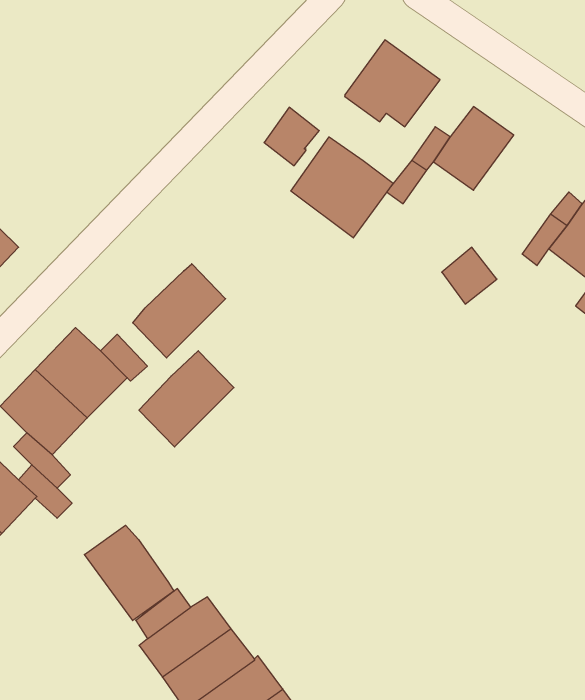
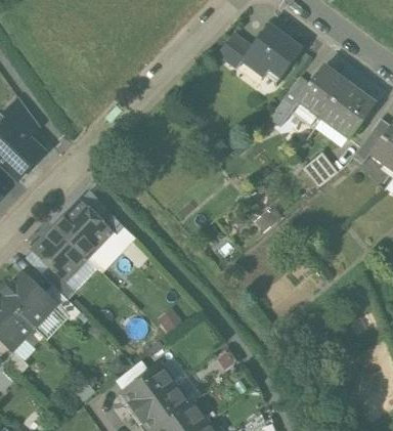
building: [264,107,319,166] -> [219,33,253,69]
building: none -> [323,83,375,137]
building: [291,137,393,238] -> none
building: [133,264,226,358] -> none
building: [139,351,234,447] -> none
building: [84,525,174,621] -> none

